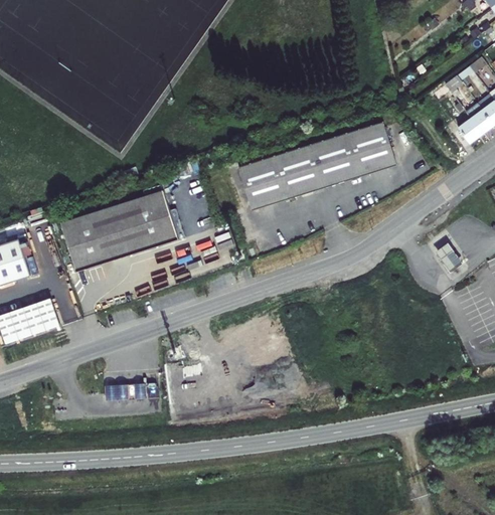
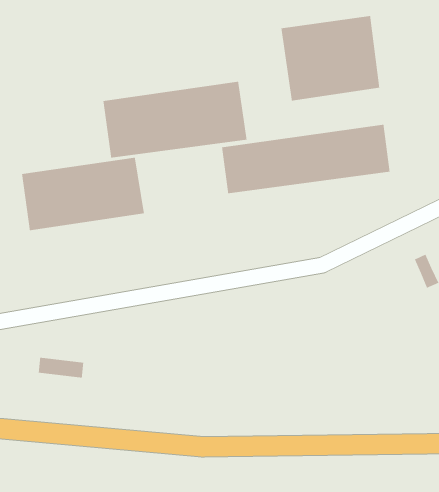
building: none -> [280,15,380,101]
building: none -> [102,81,247,158]

